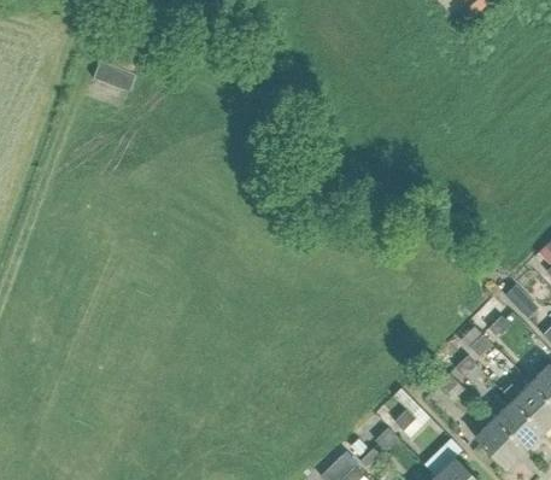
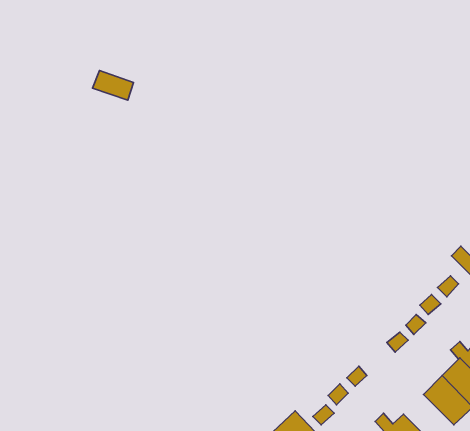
building: [93,60,135,90] -> [93,71,134,100]

